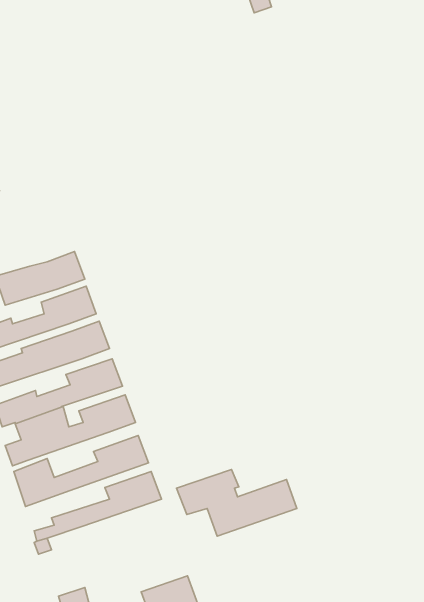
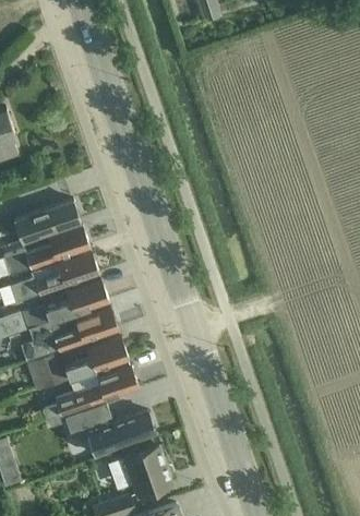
building: [177,469,297,536] -> [64,405,155,455]

